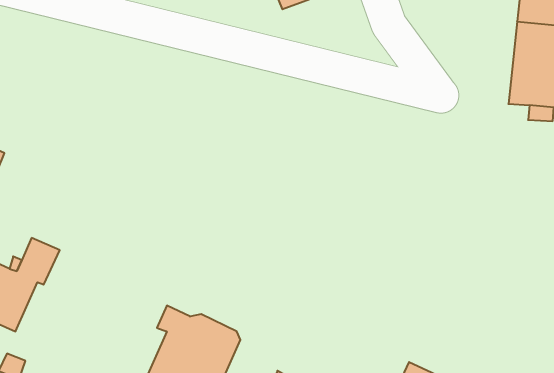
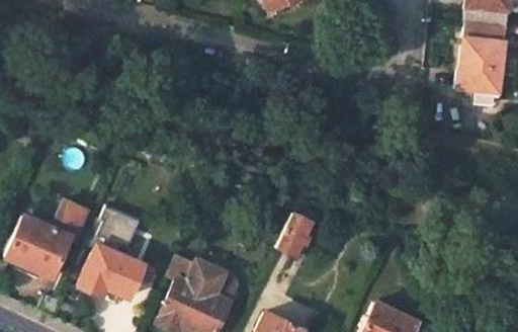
building: none -> [79,205,144,298]
building: none -> [277,212,314,257]

